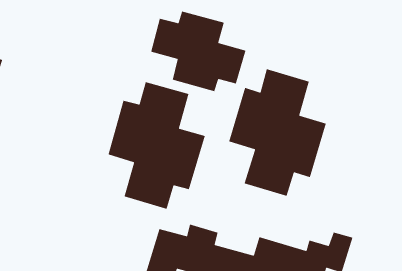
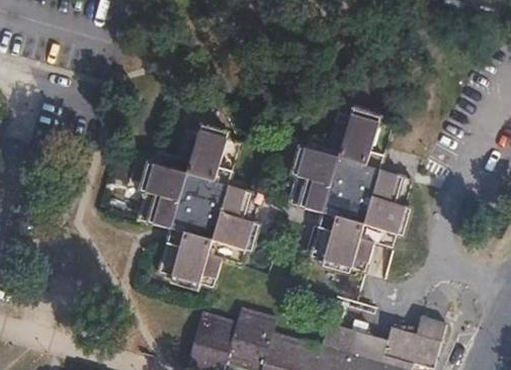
building: [150,11,246,92] -> none

